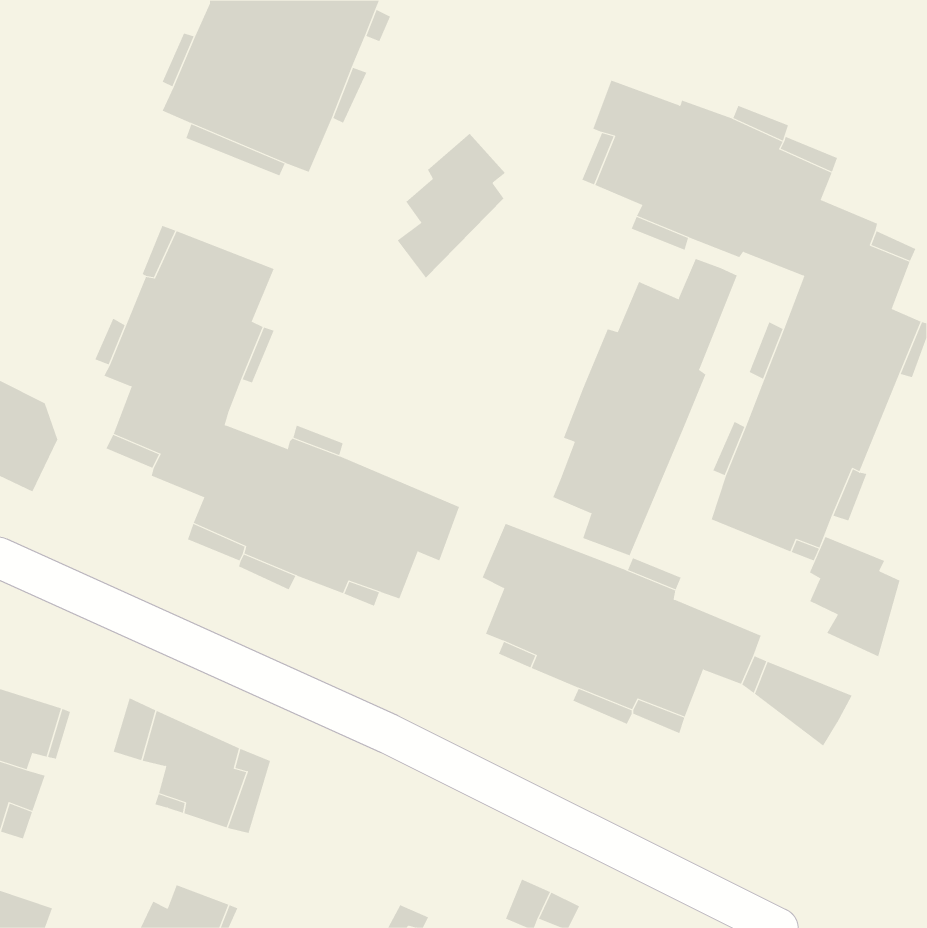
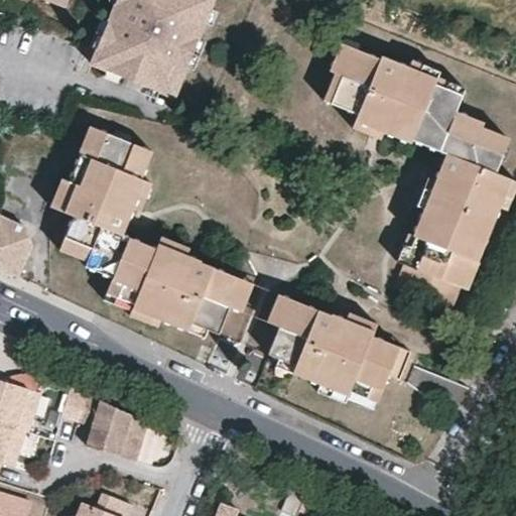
building: [397,133,506,279] -> none
building: [552,258,737,556] -> none
building: [809,536,900,657] -> none

